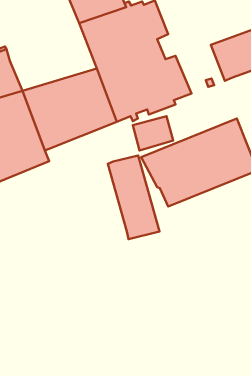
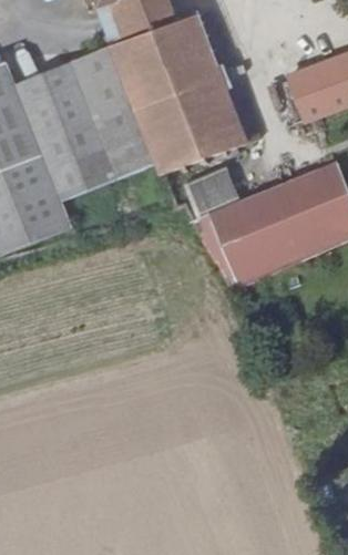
building: none -> [20,55,135,133]
building: [108,156,159,239] -> none

